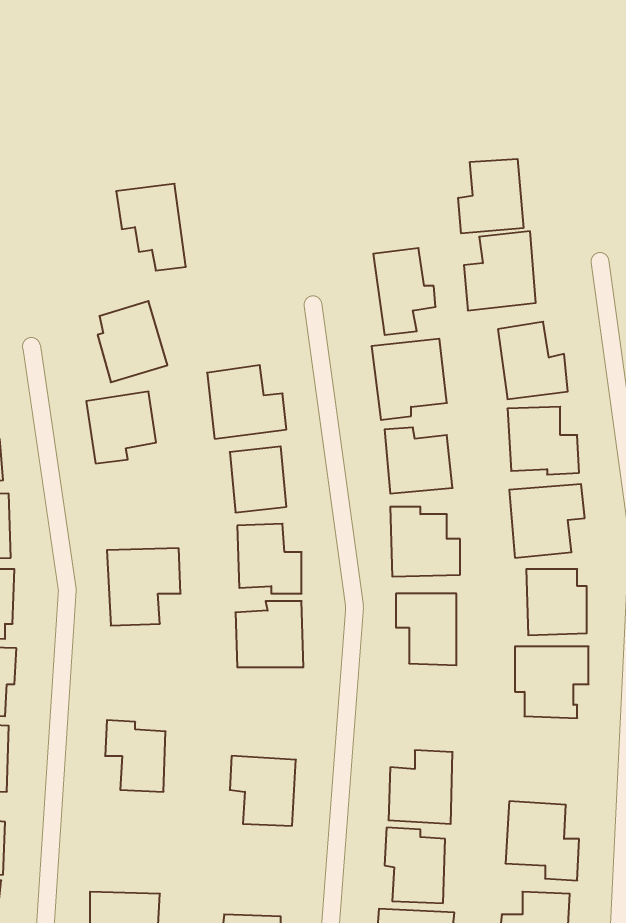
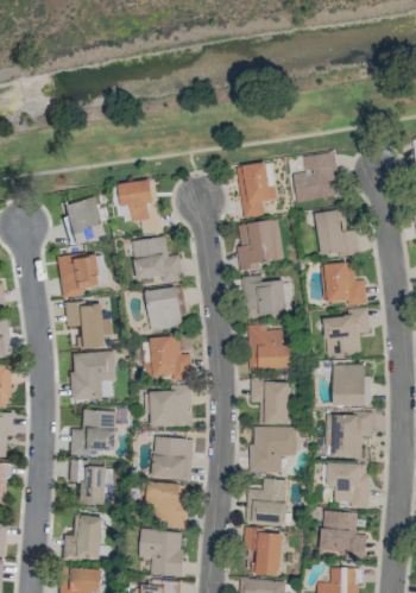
building: [458,159,523,233] -> none
building: [116,184,186,271] -> [118,179,162,234]
building: none -> [64,302,105,348]
building: none -> [69,410,116,456]
building: none -> [251,427,296,473]
building: none -> [152,437,193,480]
building: none -> [327,463,368,509]
building: none -> [63,516,102,561]
building: none -> [139,530,183,576]

